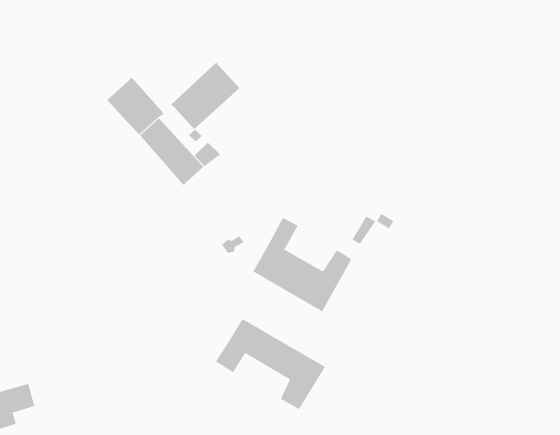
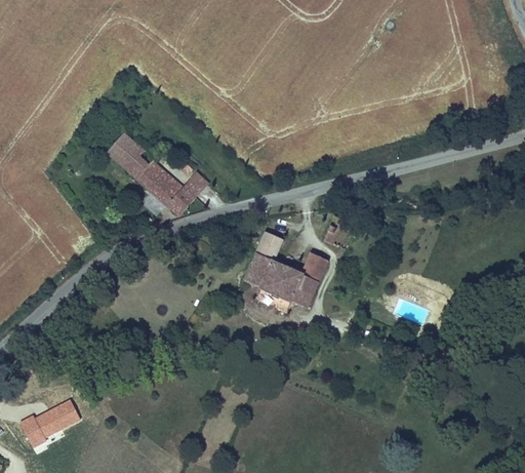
building: [170,62,240,130] -> none
building: [215,318,326,410] -> none

